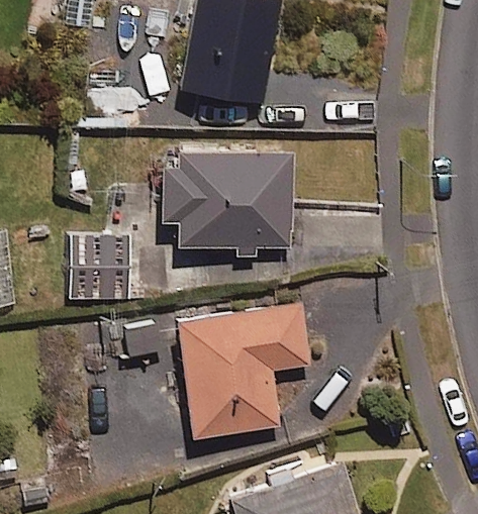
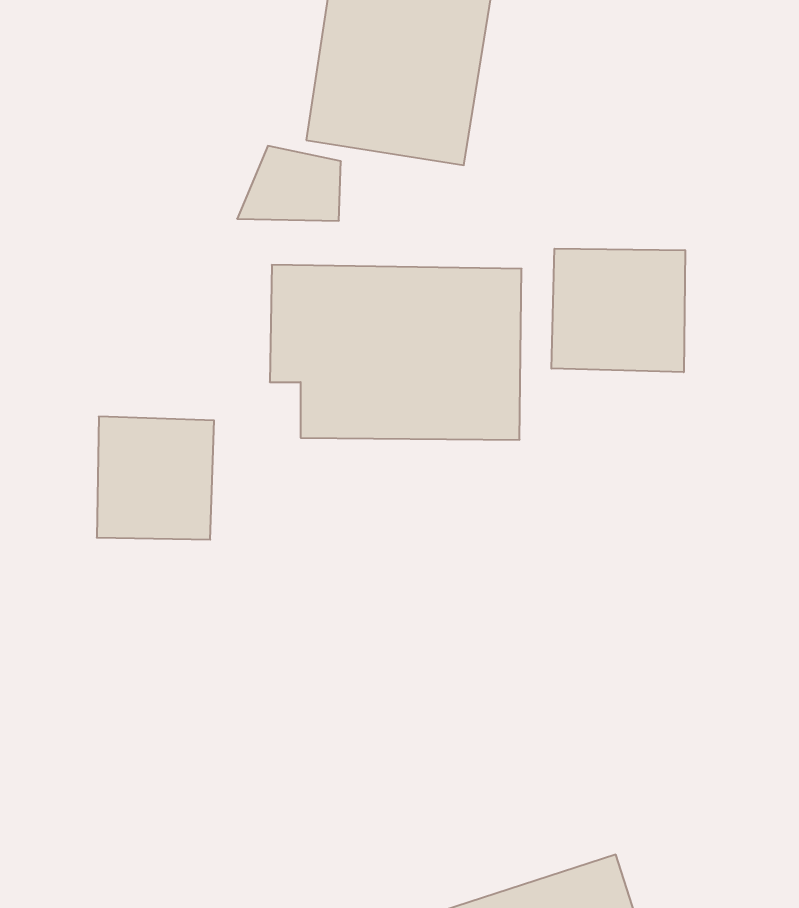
building: none -> [551,249,685,372]
building: [177,304,309,437] -> none

